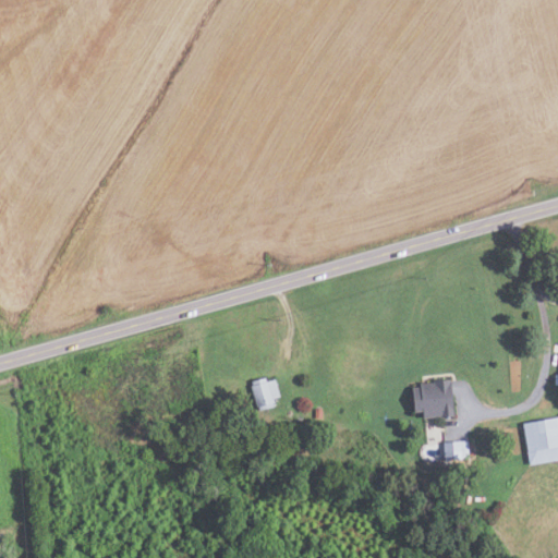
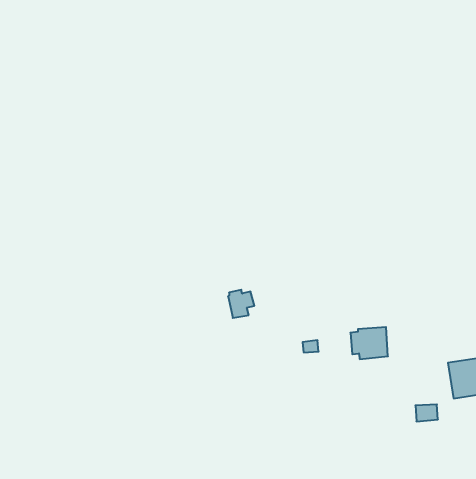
building: [251,377,281,410] -> [228,290,254,318]
building: [444,440,470,460] -> [415,404,438,421]

